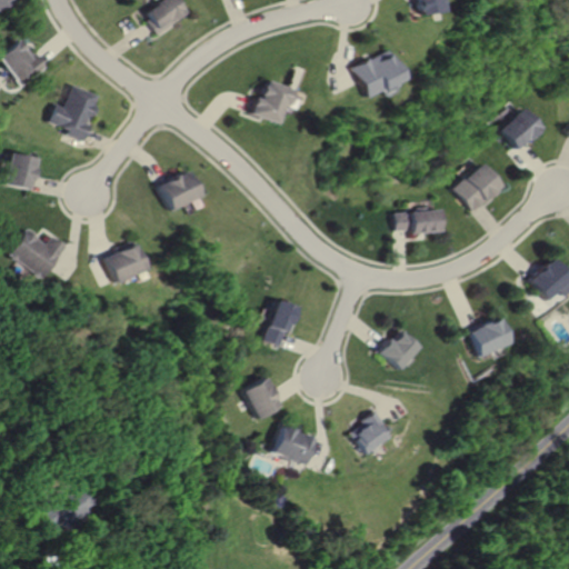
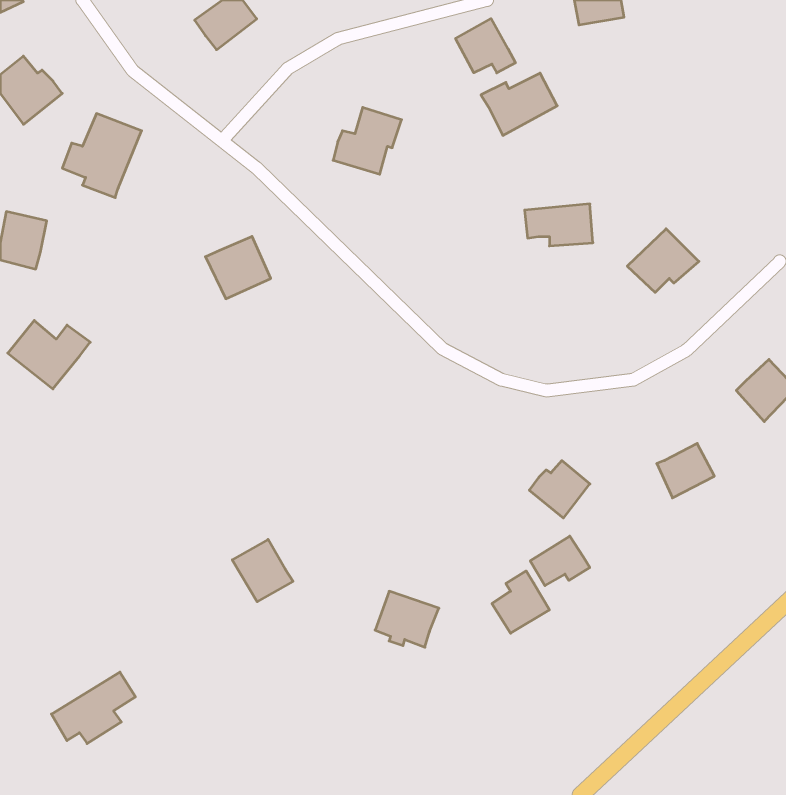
building: none -> [456,19,515,73]
building: [498,109,540,148] -> none
building: [395,207,443,237] -> [525,204,593,246]
building: [104,241,148,282] -> none
building: [267,298,299,343] -> none
building: [242,376,286,420] -> [232,539,293,602]
building: none -> [530,536,590,586]

